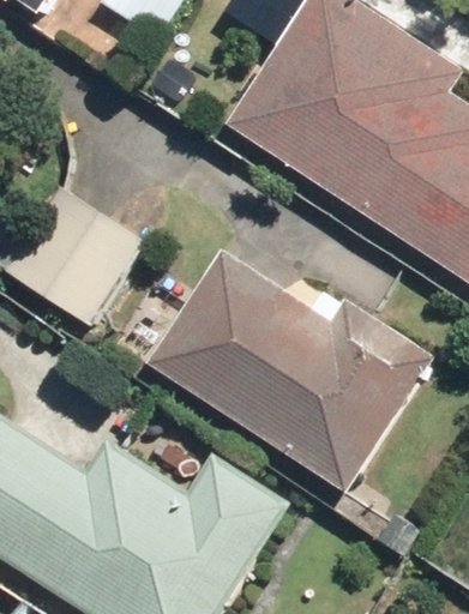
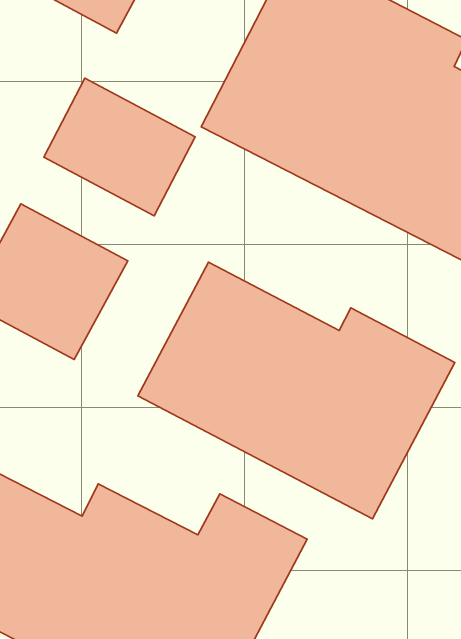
building: none -> [44,78,195,216]

